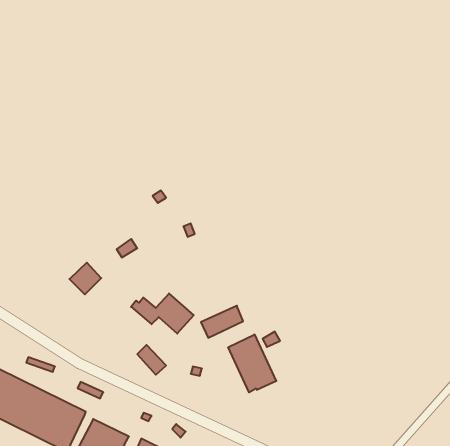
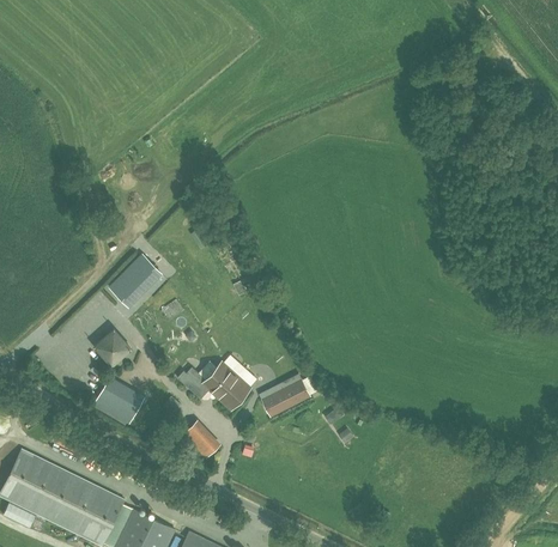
building: none -> [110,255,162,306]
building: none -> [95,377,144,424]
building: [228,334,276,392] -> none

